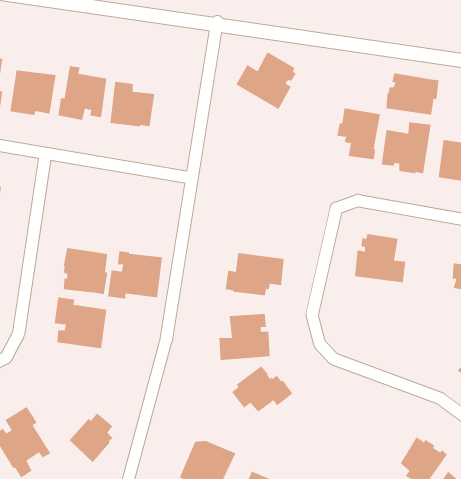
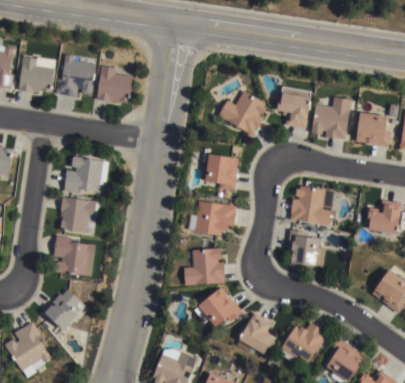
building: [236,51,296,110] -> [218,89,266,135]
building: [386,72,439,115] -> none
building: none -> [201,152,238,190]
building: [107,251,163,299] -> [64,155,108,193]
building: none -> [287,230,325,266]
building: none -> [236,312,274,354]
building: none -> [277,321,327,365]
building: [69,412,113,463] -> [45,289,80,329]

